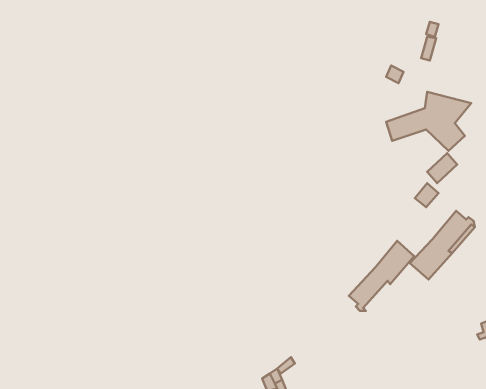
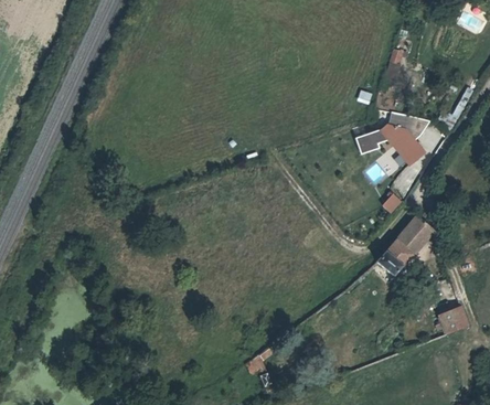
building: [349,241,414,311] -> none

